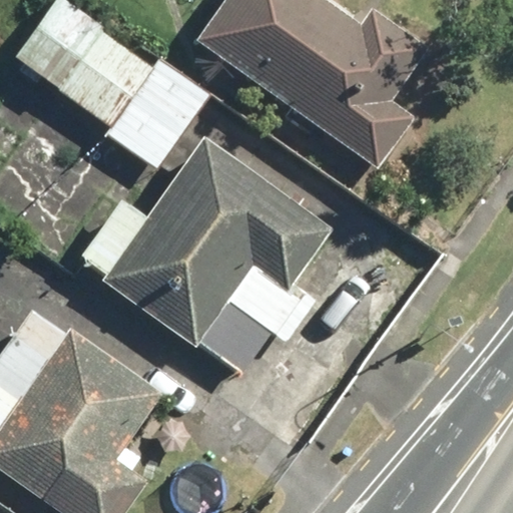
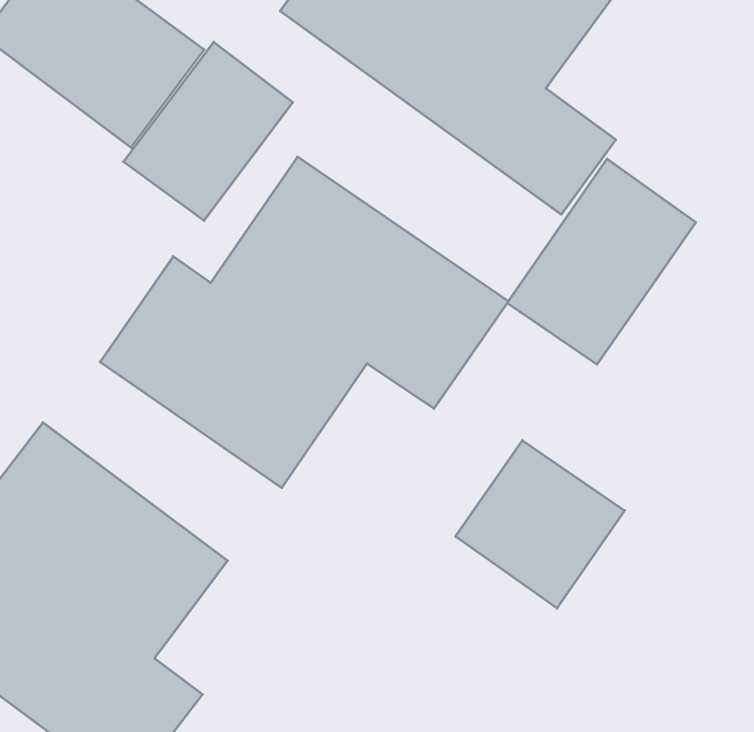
building: none -> [507,159,696,364]
building: none -> [456,440,625,608]

